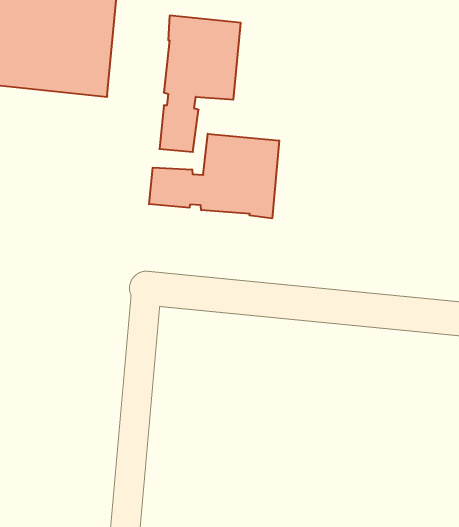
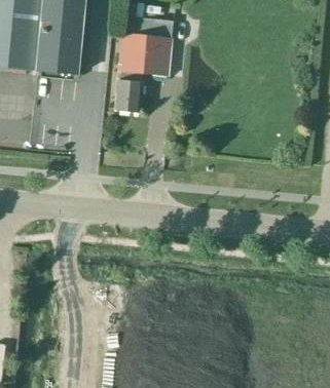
building: [149,134,279,218] -> none

